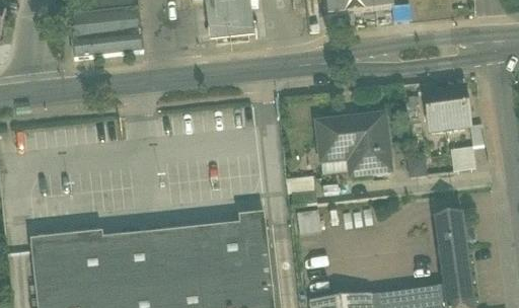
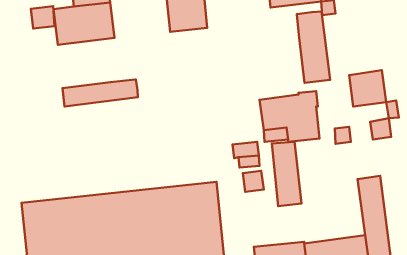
building: none -> [31,6,55,29]
building: none -> [297,11,330,83]
building: none -> [62,79,138,107]
building: none -> [272,141,302,206]

